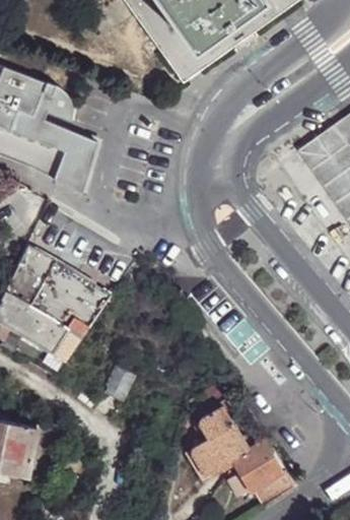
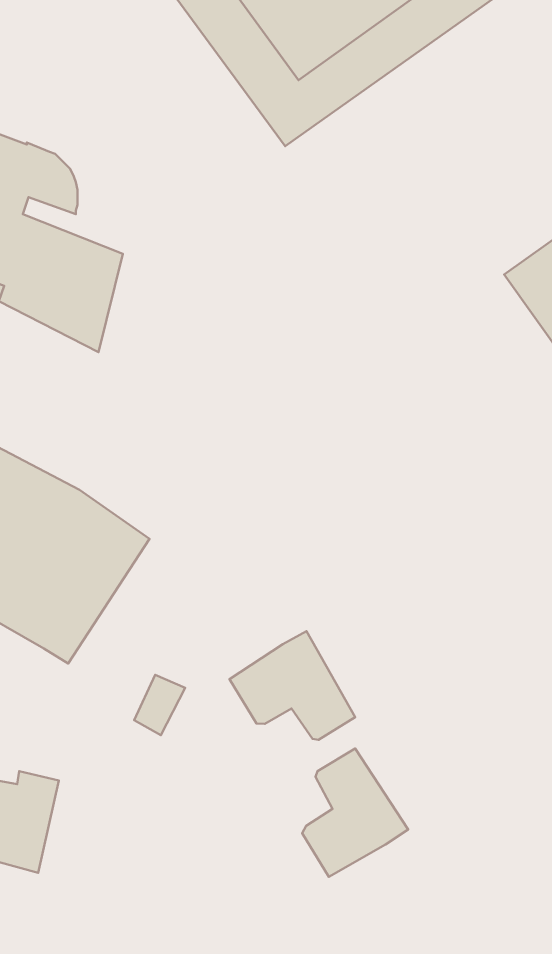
building: none -> [229,631,355,740]
building: [234,440,291,507] -> none

